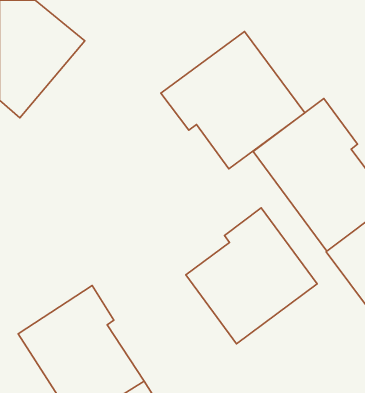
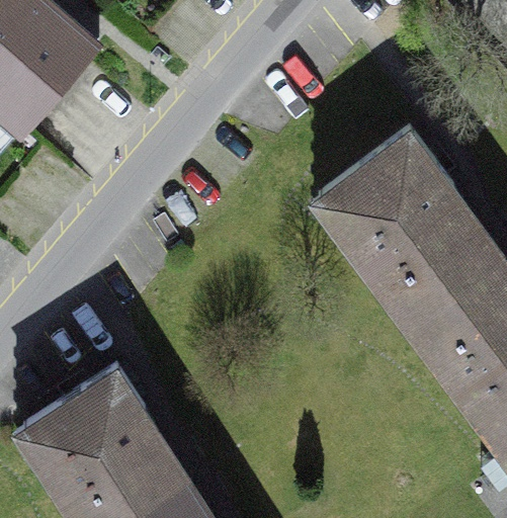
building: [161,31,305,169] -> none
building: [186,208,317,344] -> none

